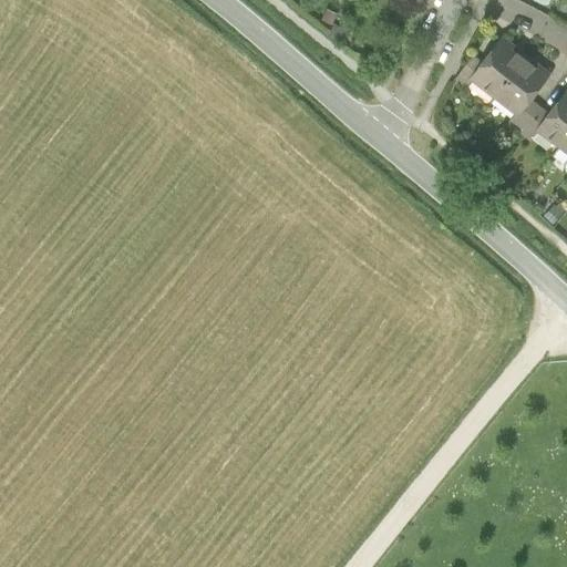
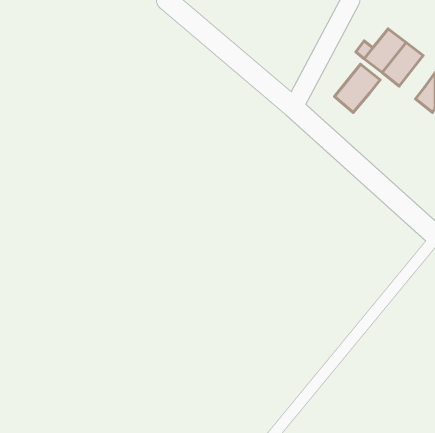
building: none -> [334,64,380,113]
building: [513,100,551,143] -> none

